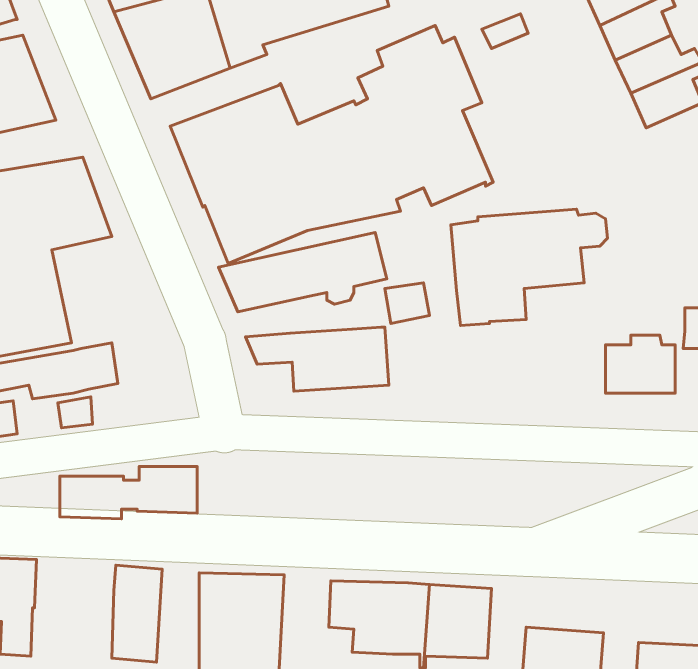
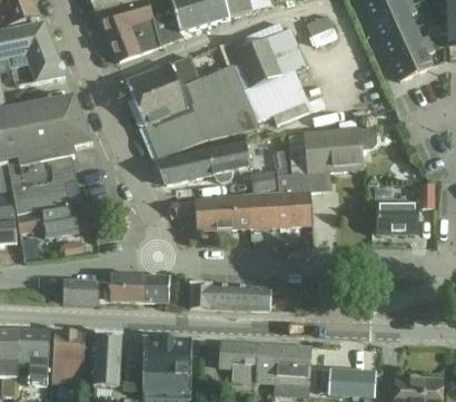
building: none -> [250,173,311,227]
building: none -> [141,274,168,302]
building: none -> [189,282,270,310]
building: none -> [52,329,85,383]

